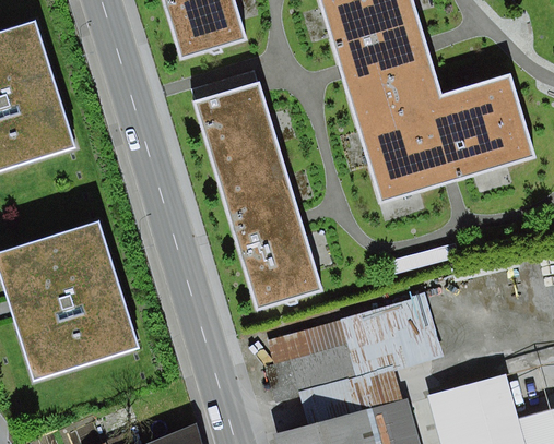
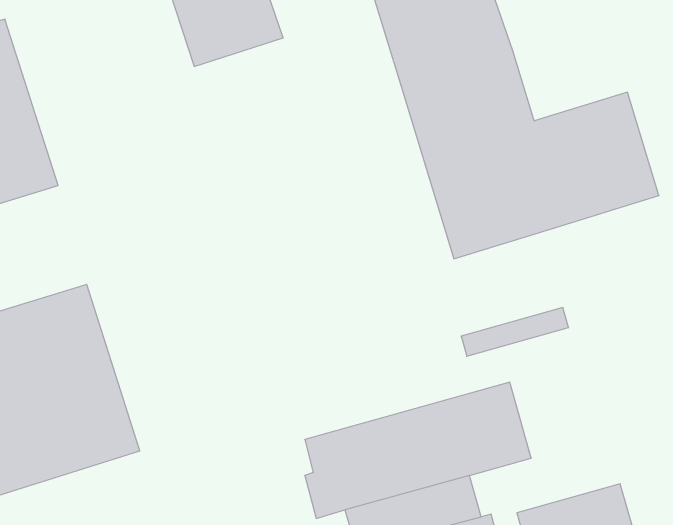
building: [192,77,323,310] -> none

